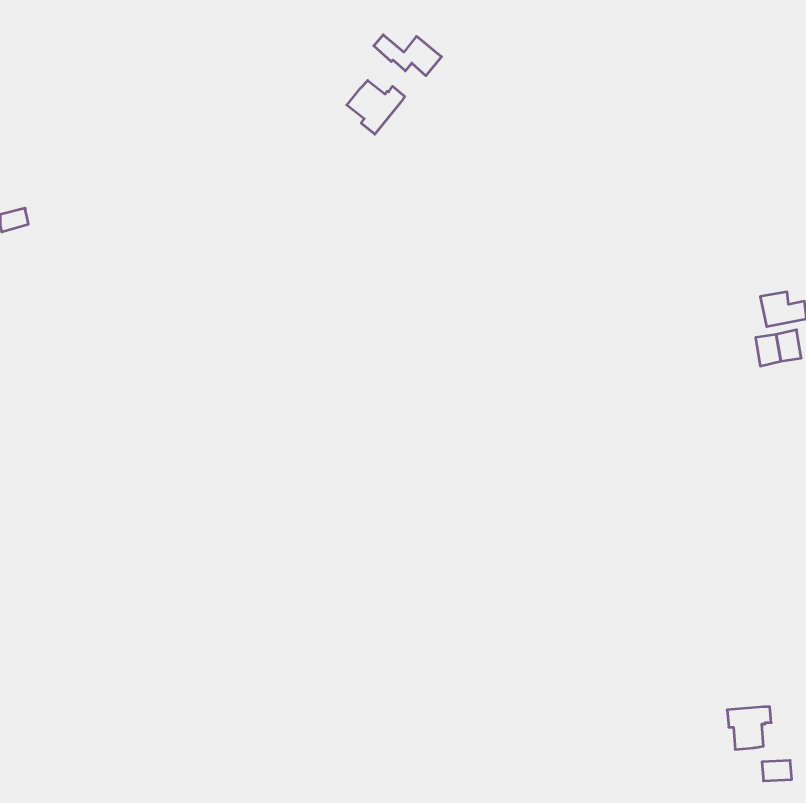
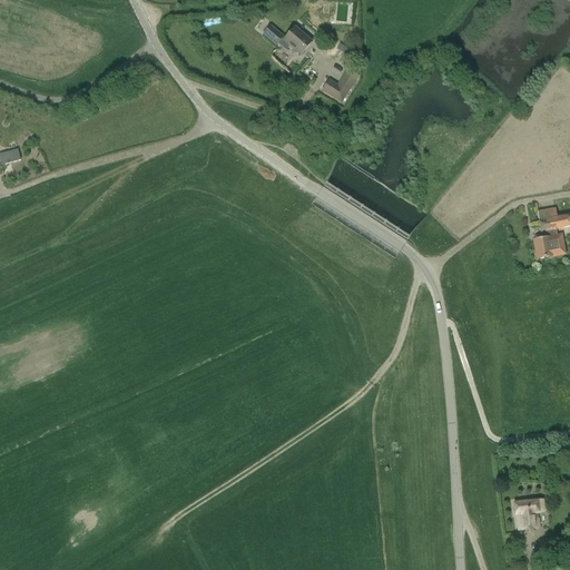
building: [347,80,405,134] -> none
building: none -> [322,68,360,102]

